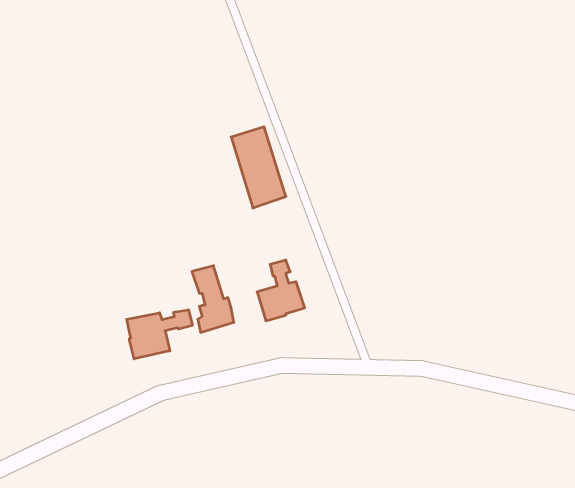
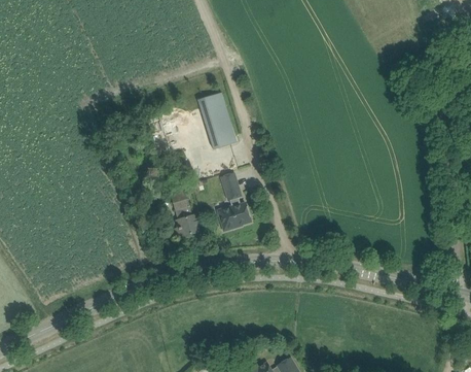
building: [127,310,192,359] -> none

